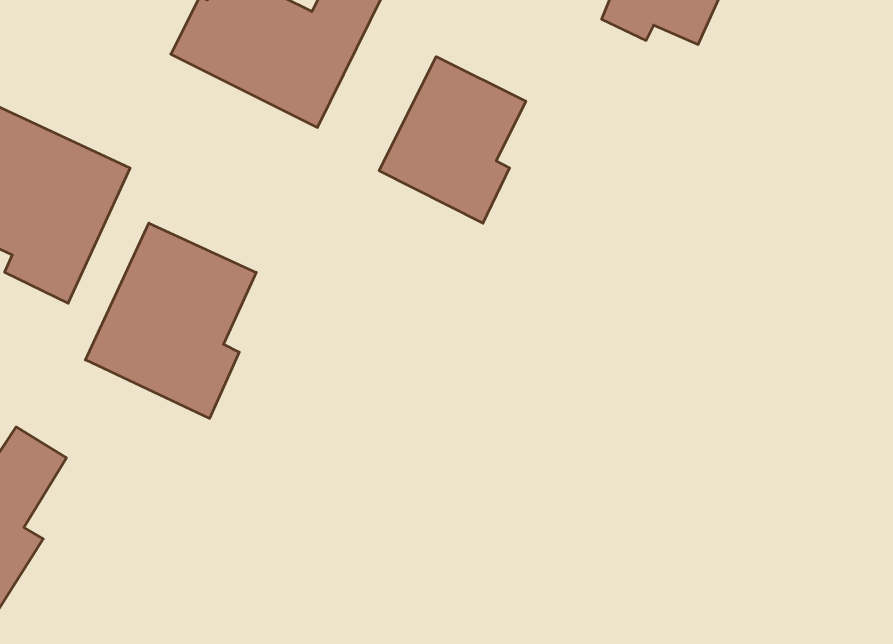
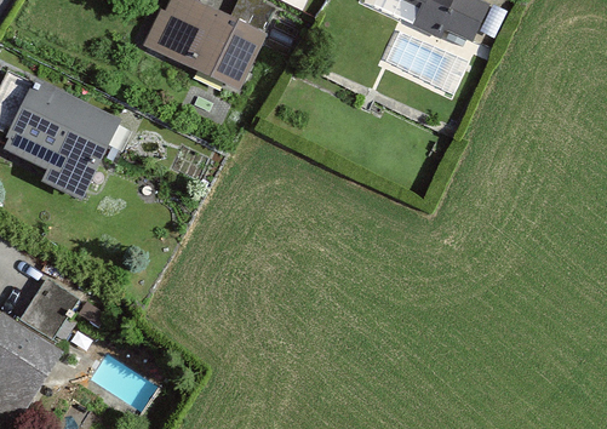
building: [379,57,526,223] -> none
building: [85,223,256,418] -> none

